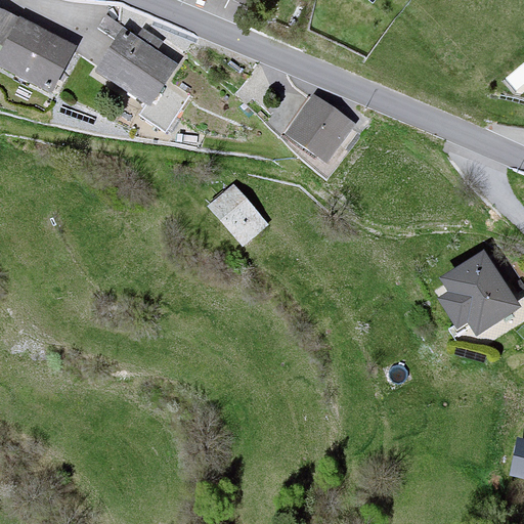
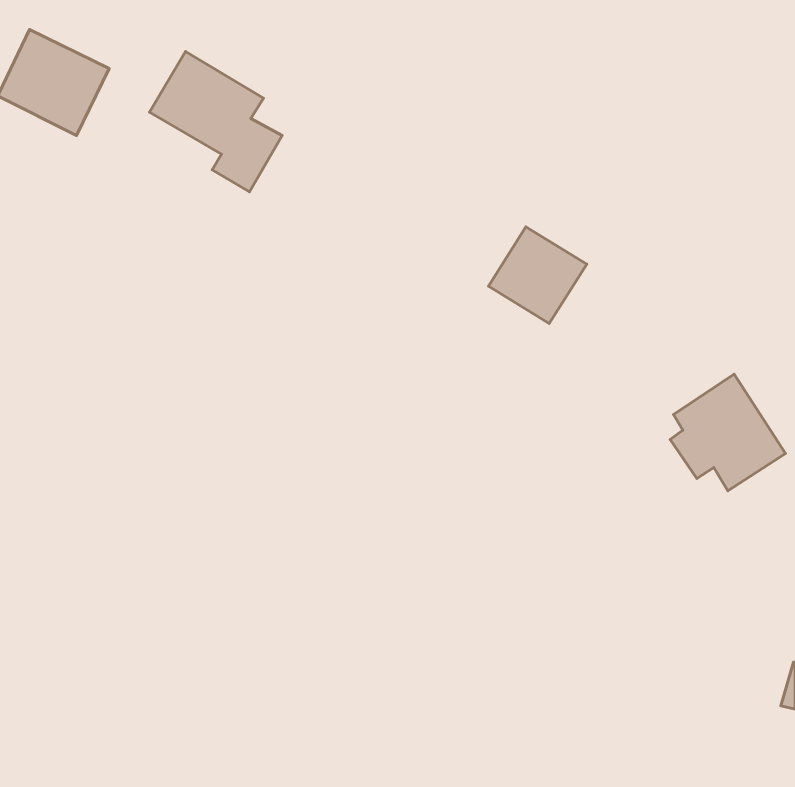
building: [289,97,353,161] -> [488,227,587,323]
building: [212,186,264,242] -> none

